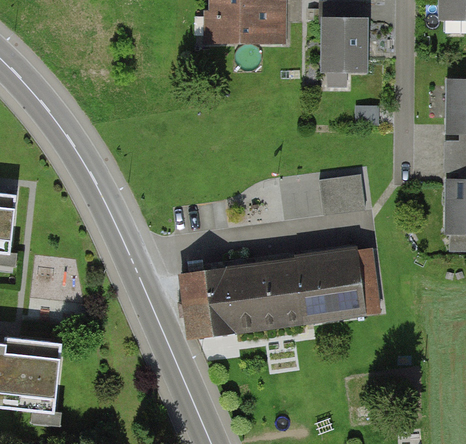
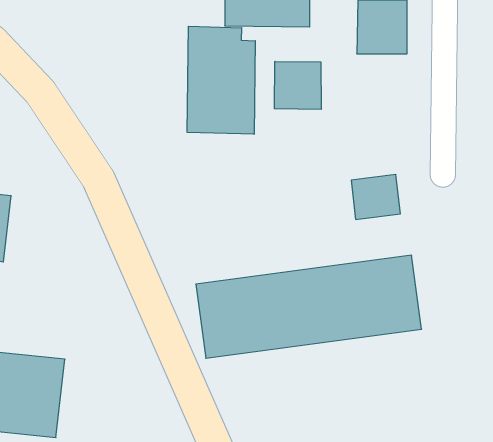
building: none -> [187,26,255,134]
building: none -> [274,61,321,109]

